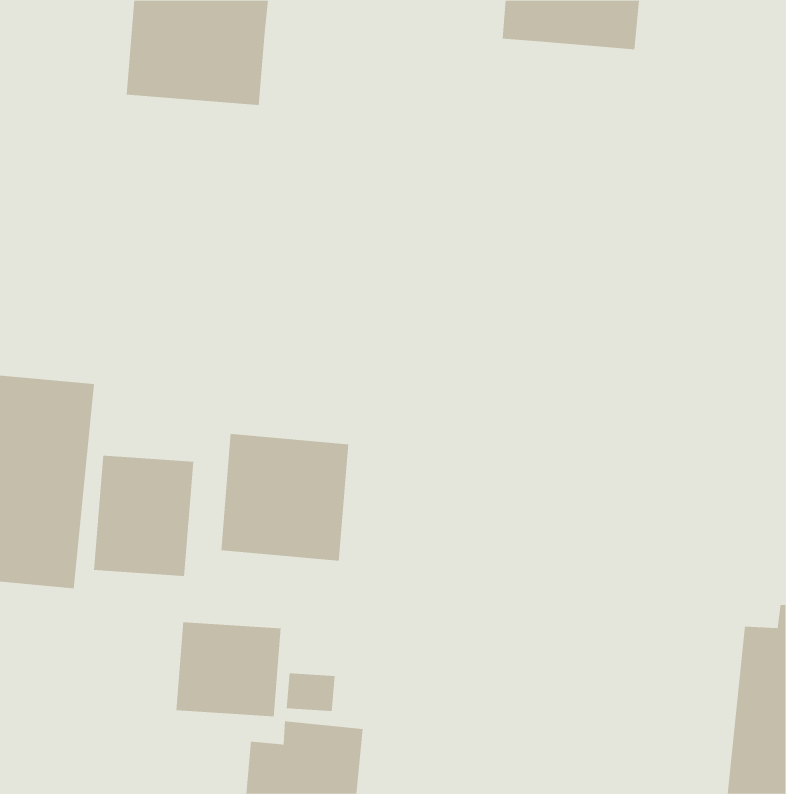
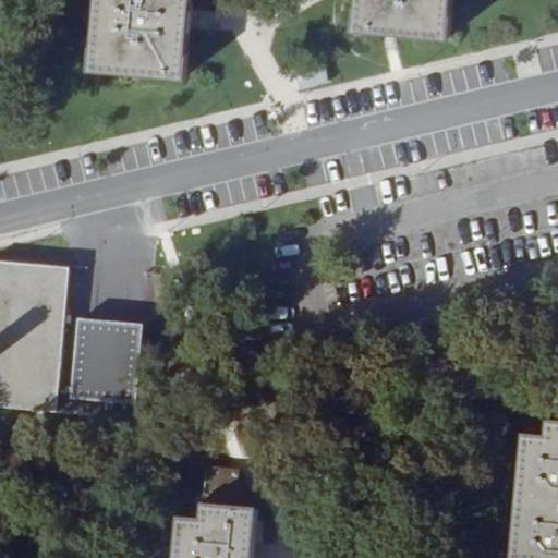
building: [221,433,349,562] -> none
building: [176,621,281,717] -> none

